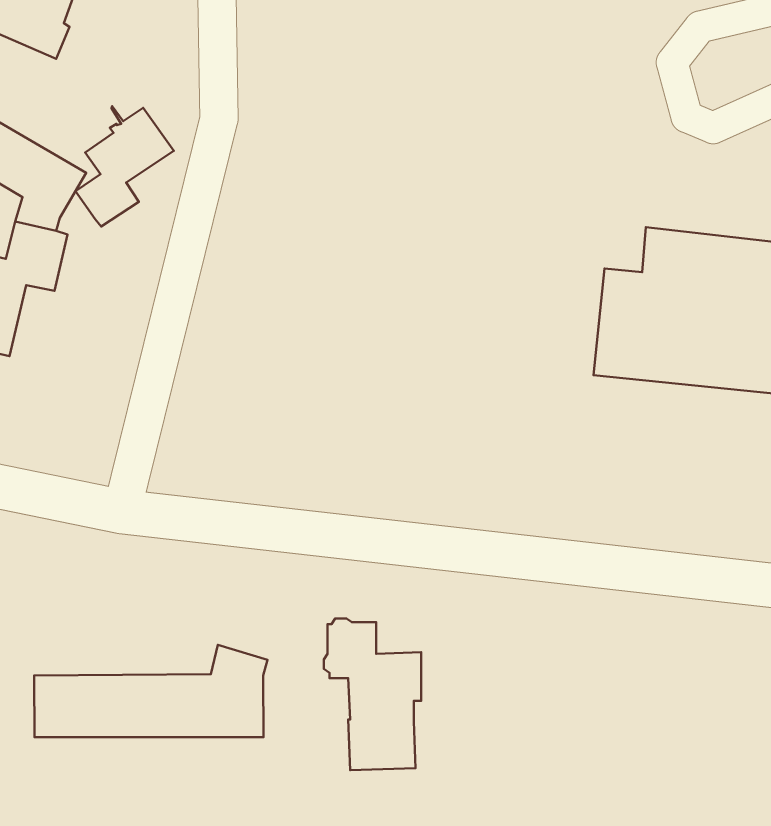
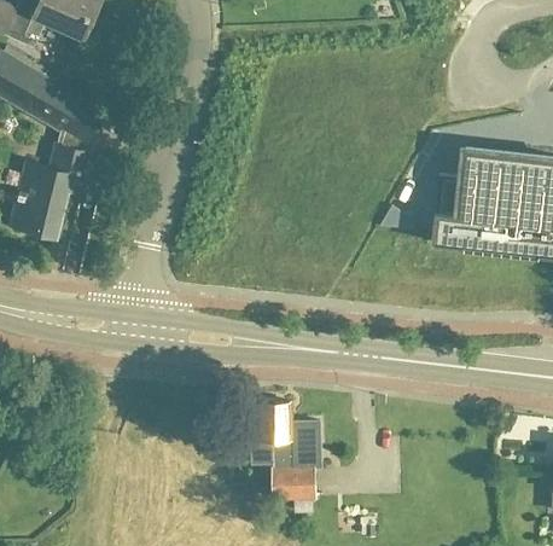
building: [75,106,174,227] -> none
building: [34,645,267,737] -> none

